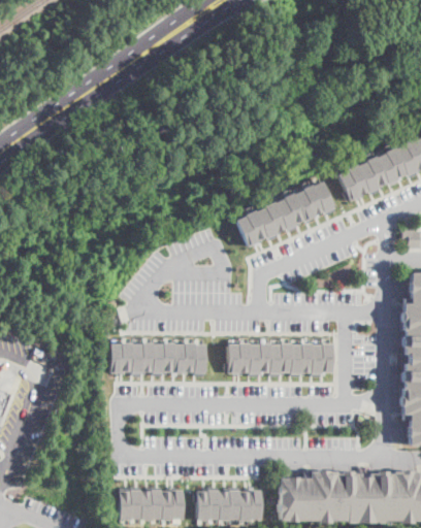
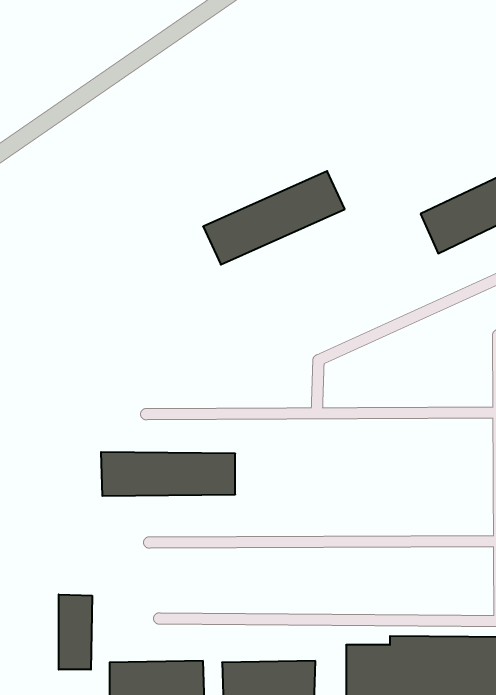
building: [233,182,333,248] -> [203,171,345,265]
building: [226,342,333,373] -> none
building: none -> [59,594,92,670]

